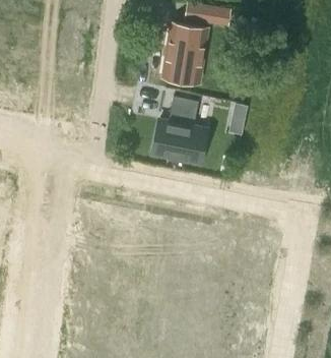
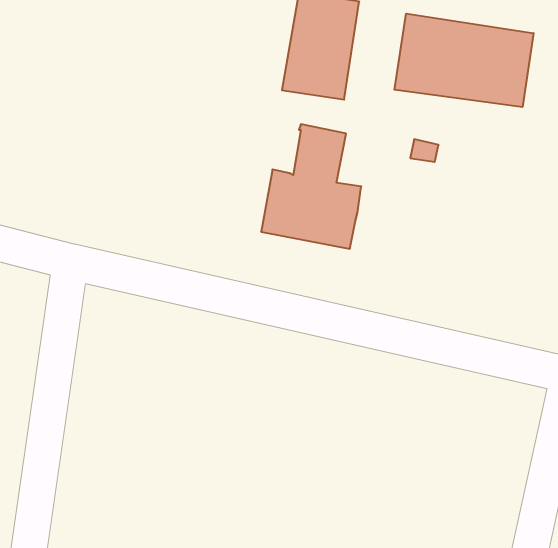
building: none -> [394,14,534,107]

